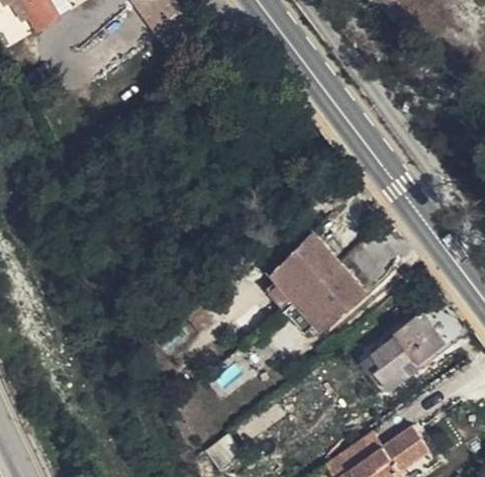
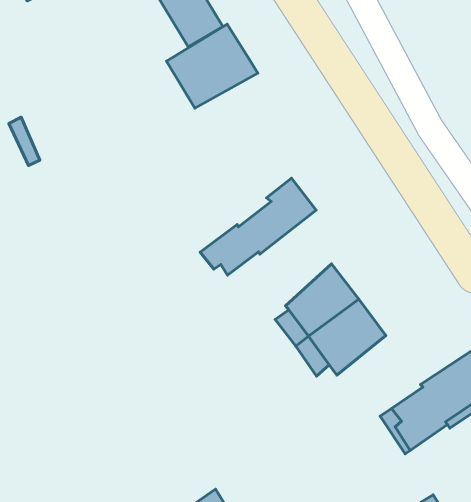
building: none -> [166,24,258,108]
building: none -> [200,178,316,275]

